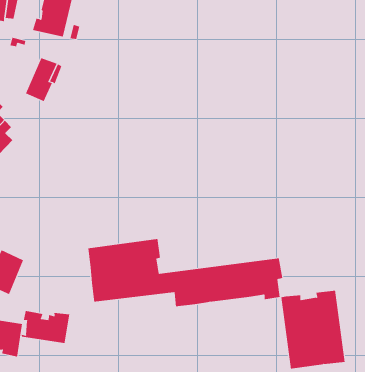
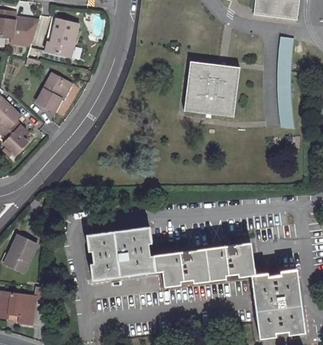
building: none -> [277,37,294,131]
building: none -> [183,61,239,117]
building: [21,310,70,344] -> none

